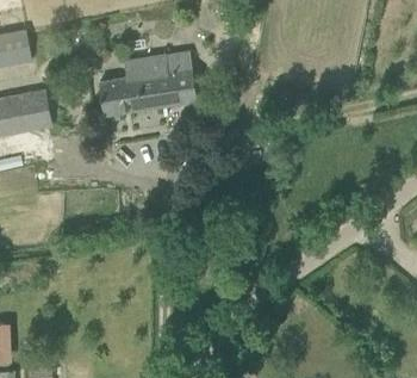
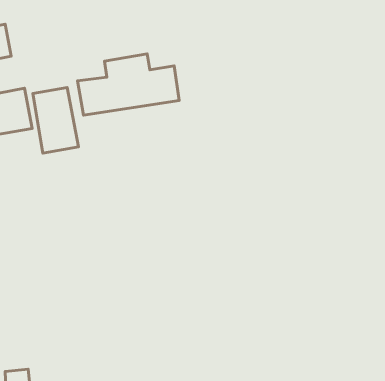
building: none -> [33,87,79,153]

